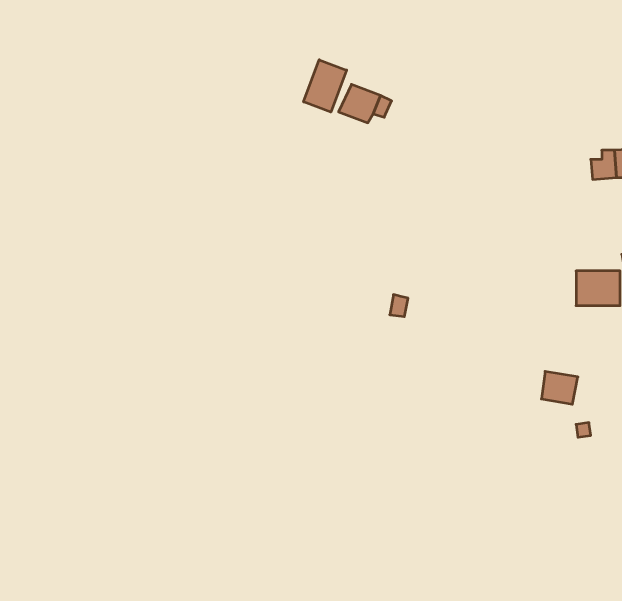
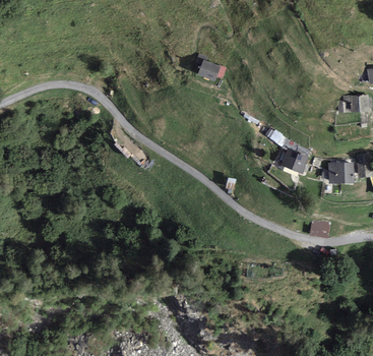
building: [304,60,347,112] -> none
building: none -> [281,147,309,173]

